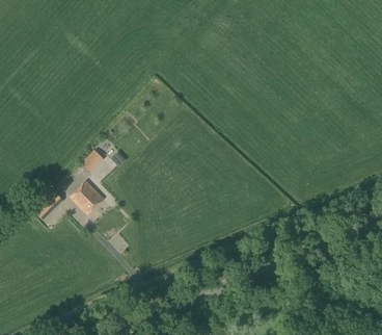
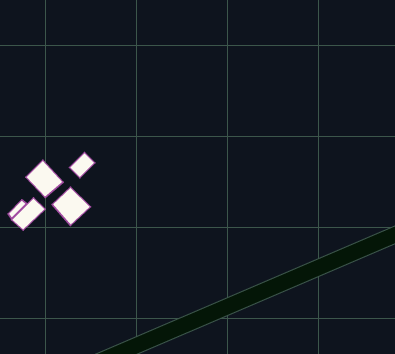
building: none -> [26,160,63,198]

